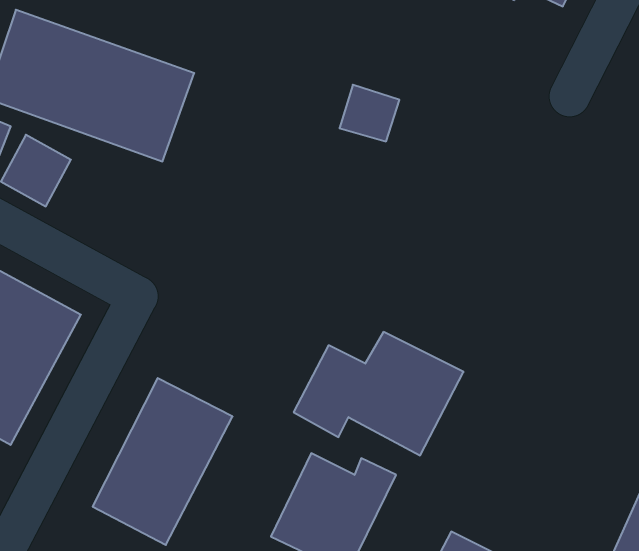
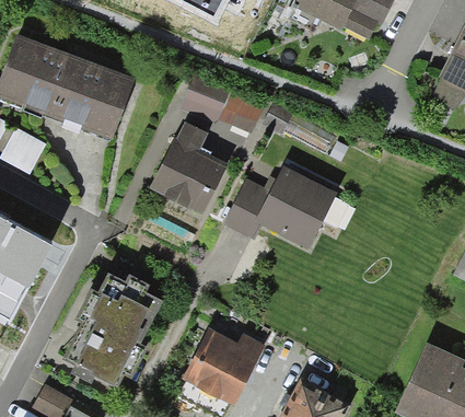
building: none -> [151,121,226,213]
building: [294,332,464,455] -> [223,167,335,248]

